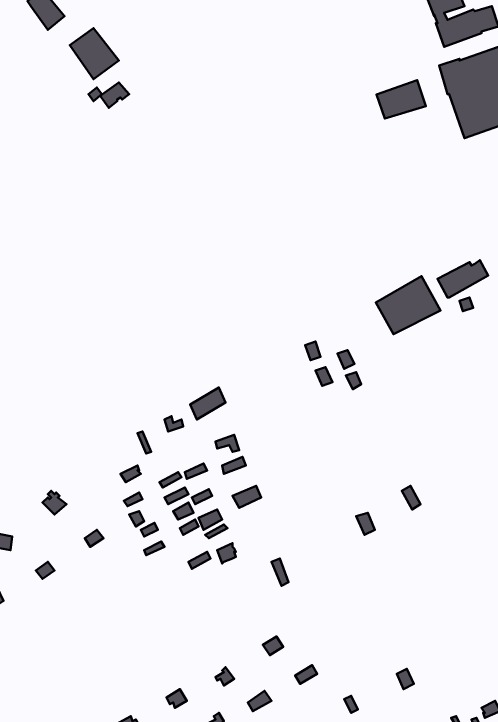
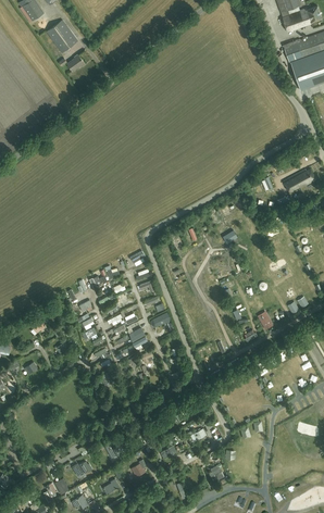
building: [377,80,426,118] -> none
building: [376,276,440,334] -> none

